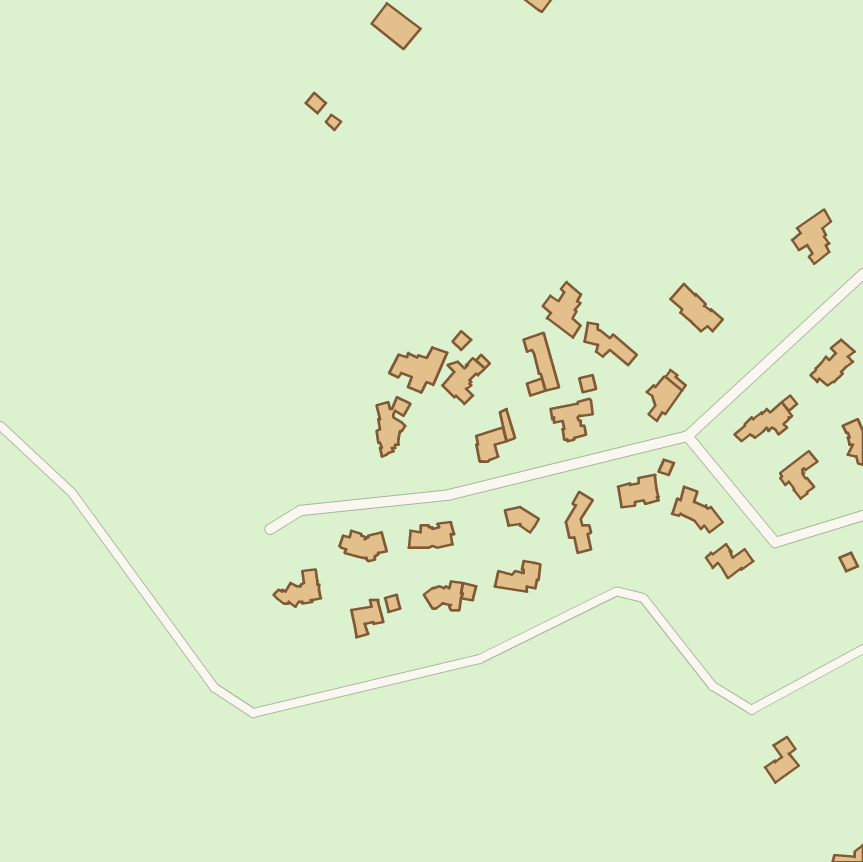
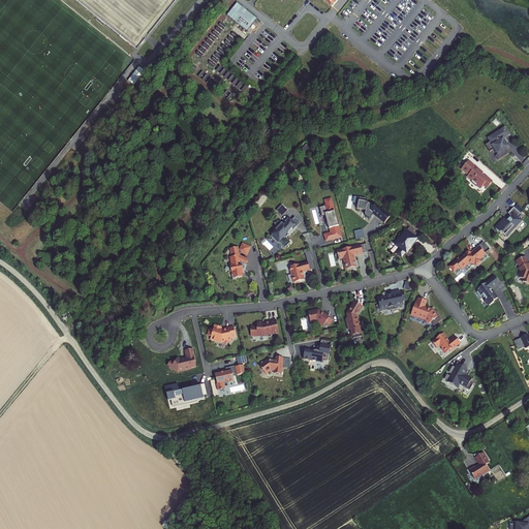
building: [543,282,581,338] -> none
building: [670,284,723,331] -> [461,159,493,188]
building: [389,347,447,393] -> none
building: none -> [444,363,473,391]
building: none -> [165,383,207,406]

